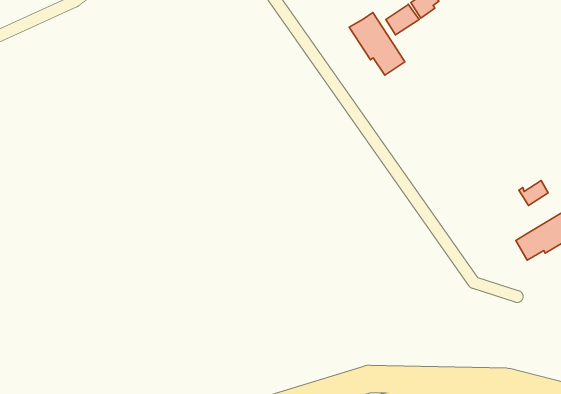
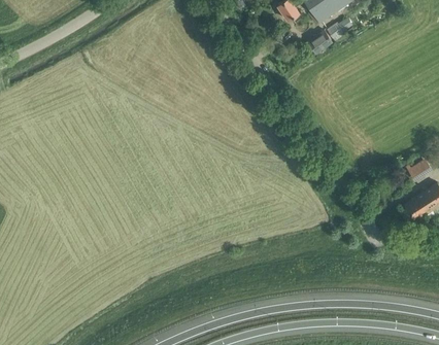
building: [349,12,405,75] -> none

